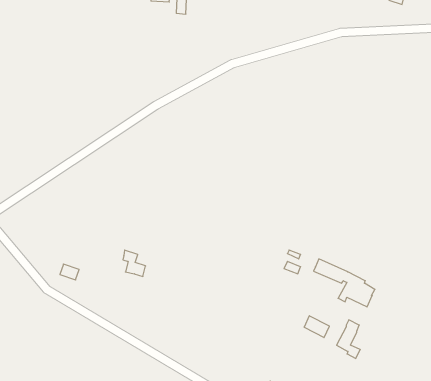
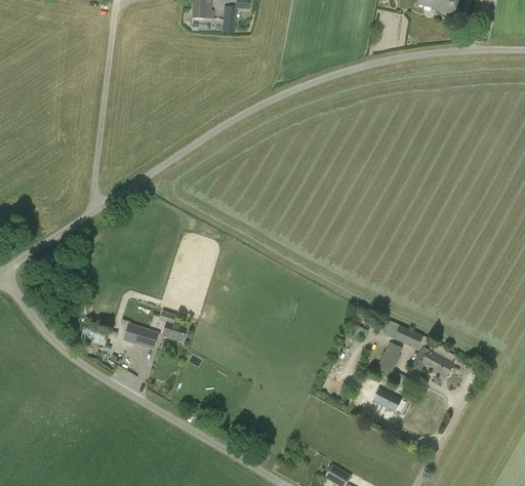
building: none -> [124,325,158,349]
building: [337,320,360,358] -> [375,341,403,387]

